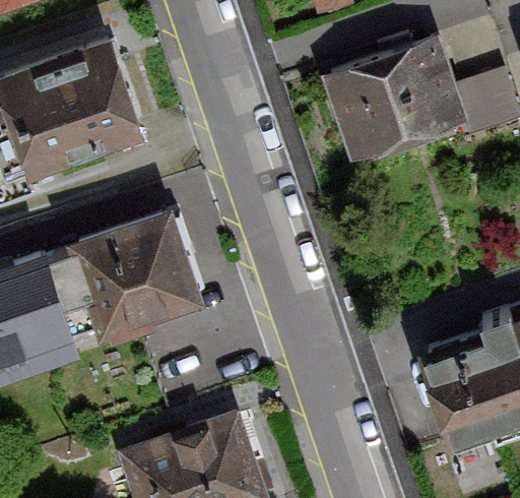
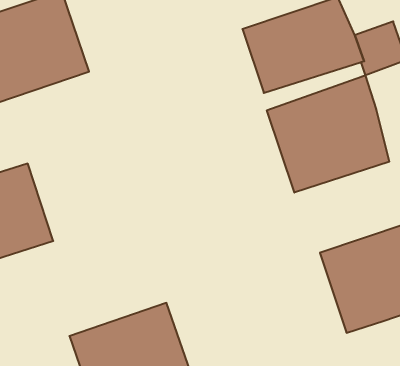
building: none -> [267,75,389,193]
building: [68,211,203,338] -> none

